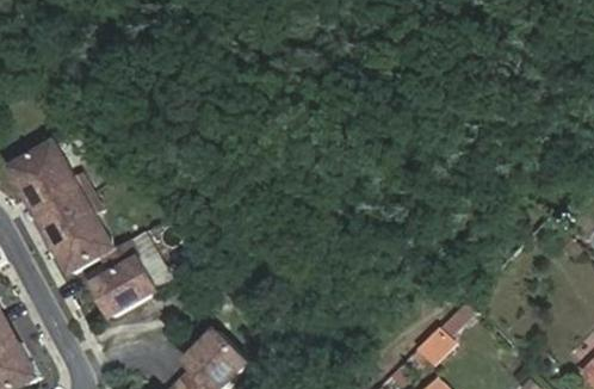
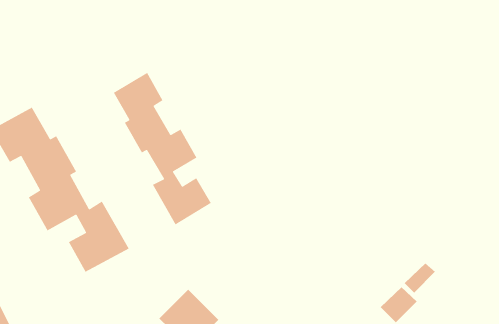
building: none -> [113,72,212,225]

